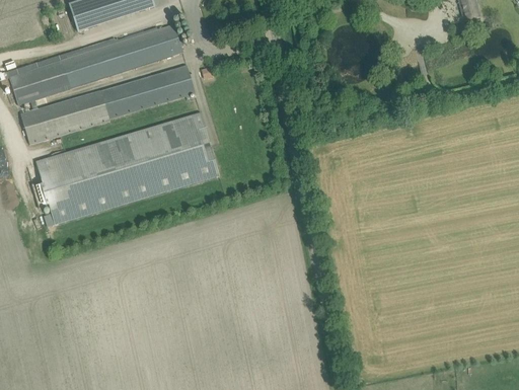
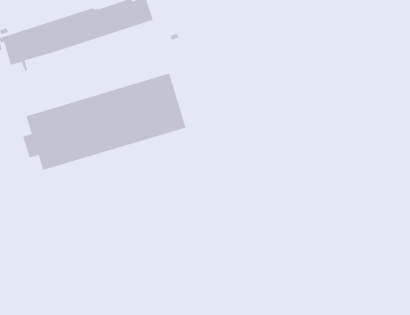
building: [20,65,195,144] -> none

